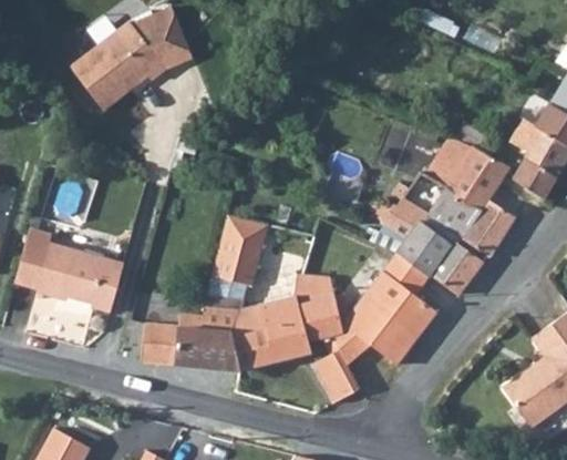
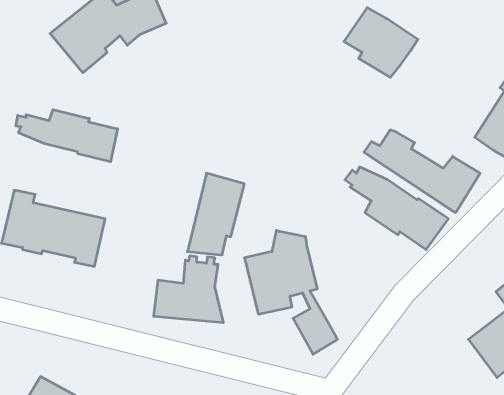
building: [429,135,506,208] -> [344,8,418,77]
building: none -> [16,110,118,162]
building: [334,255,441,368] -> none
building: [238,303,284,370] -> none
building: [143,323,178,364] -> none

